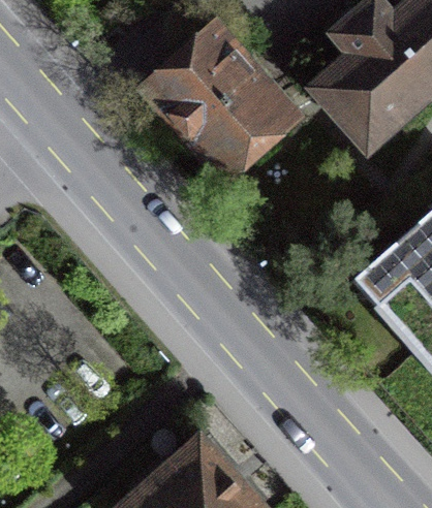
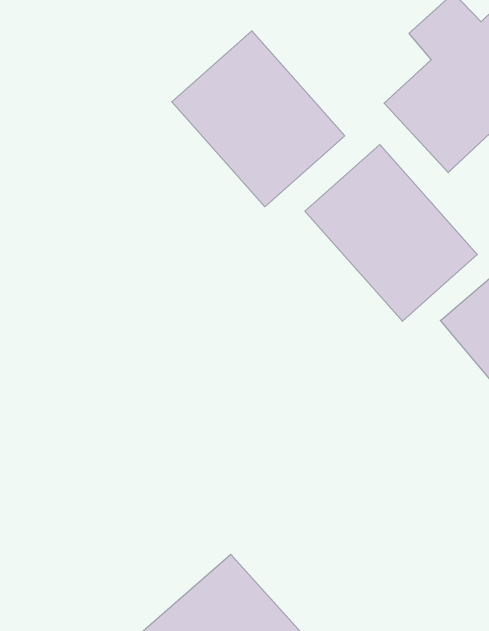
building: none -> [305,145,477,321]

